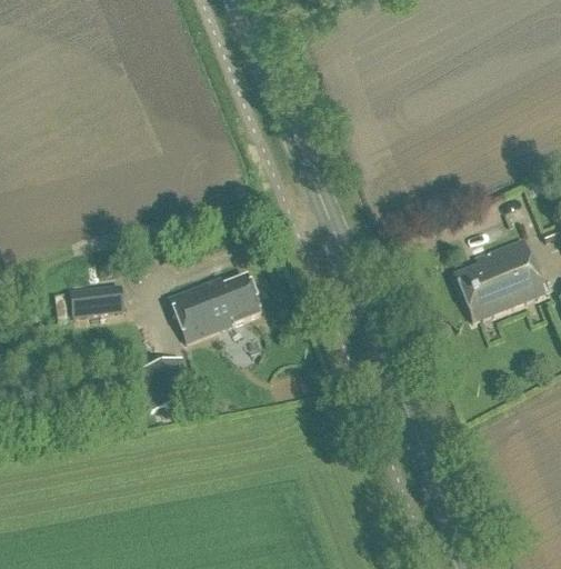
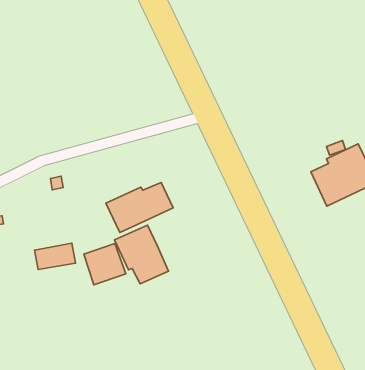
building: [70,282,124,316] -> [35,243,75,270]
building: none -> [115,225,169,284]

